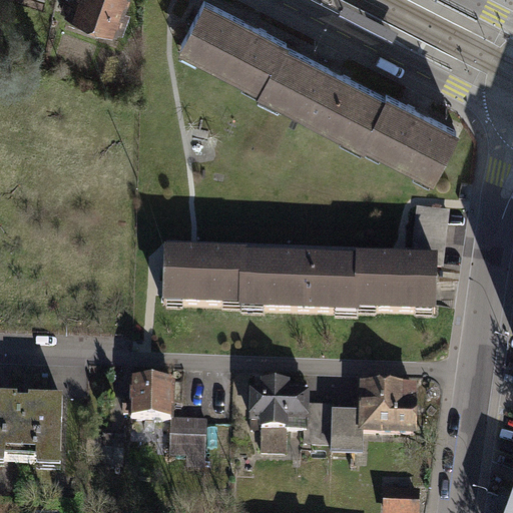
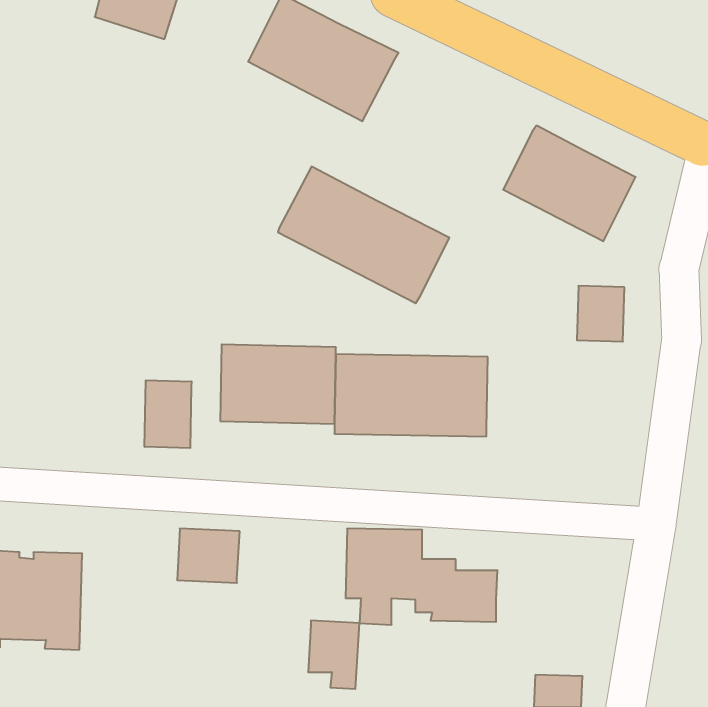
building: [260,43,383,141] -> [278,167,449,303]
building: [350,252,435,310] -> none
building: none -> [145,380,192,448]
building: [357,382,436,432] -> none
building: [168,416,205,465] -> [308,621,360,689]

